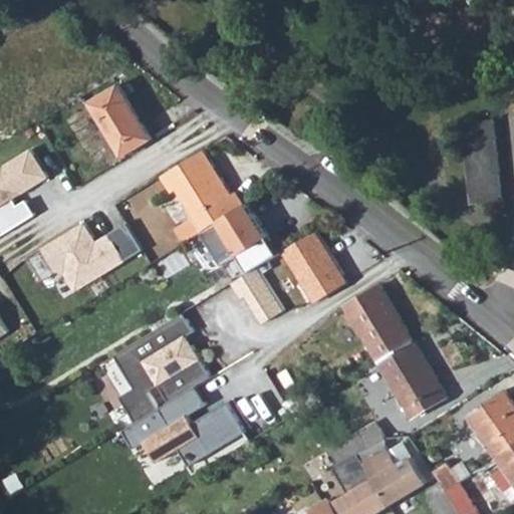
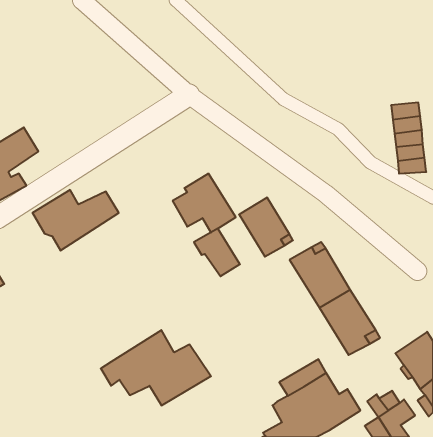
building: [88,84,151,156] -> none
building: [160,151,242,231] -> none
building: [111,317,206,425] -> none

